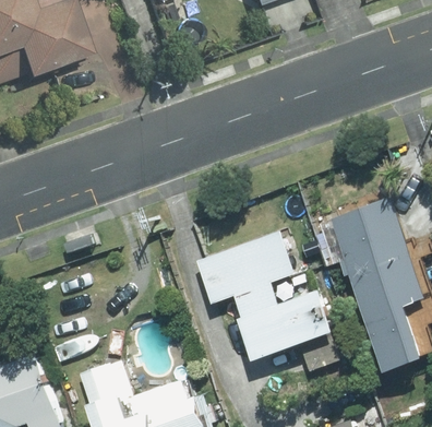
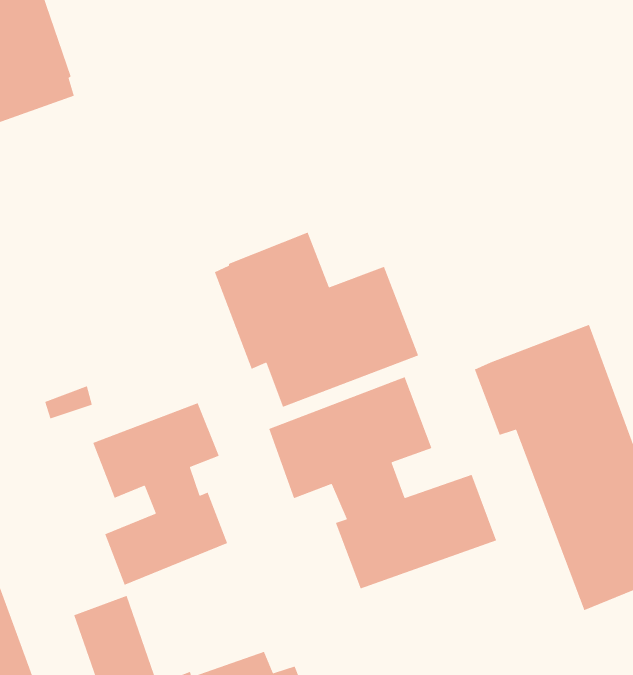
building: none -> [214,231,419,408]
building: none -> [92,402,228,586]

